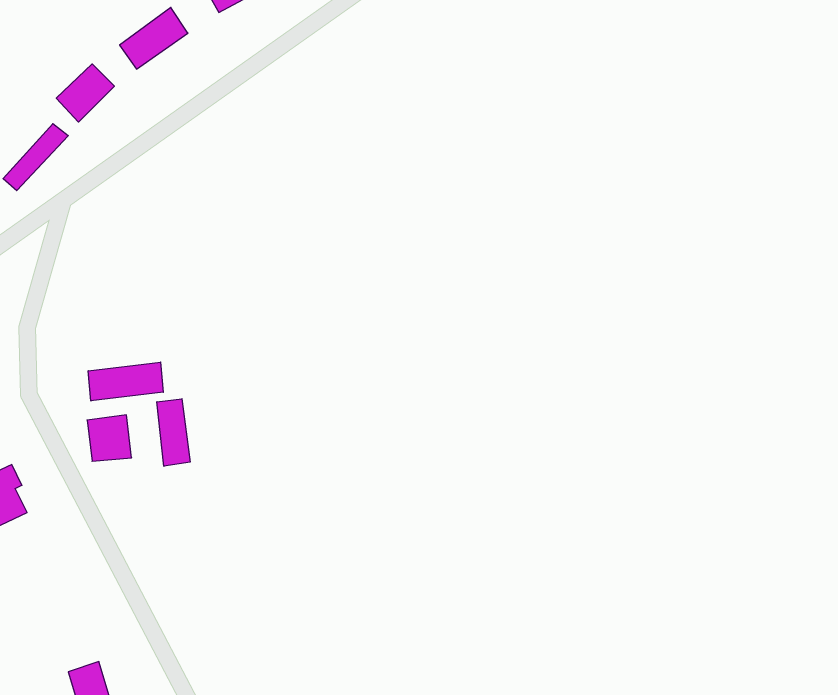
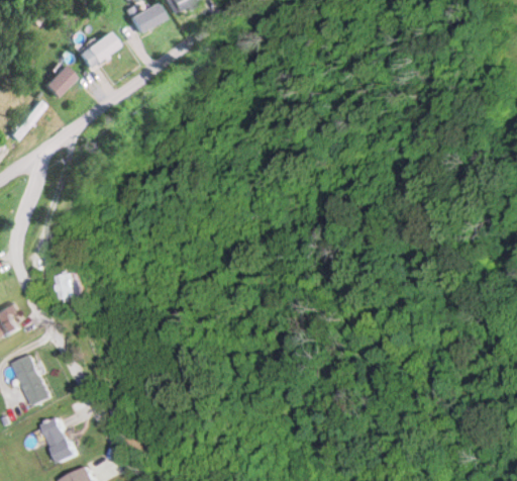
building: [88,362,163,401] -> none
building: [157,399,190,466] -> none
building: none -> [12,356,50,407]

